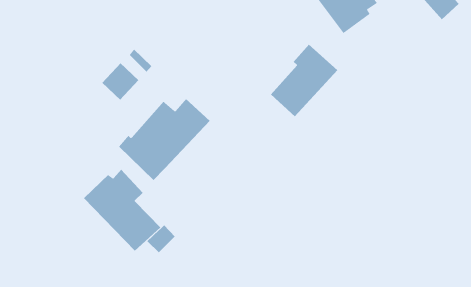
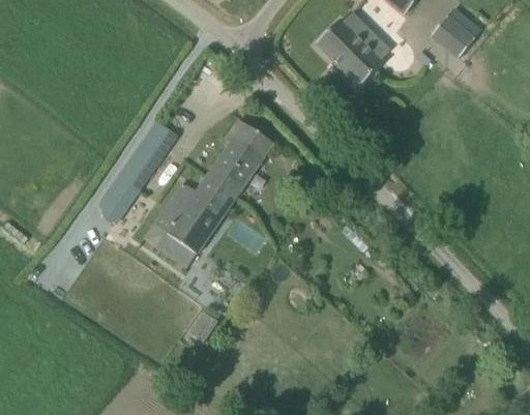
building: [270,44,338,117] -> [207,118,273,196]
building: none -> [98,173,140,223]
building: [83,169,161,252] -> none

